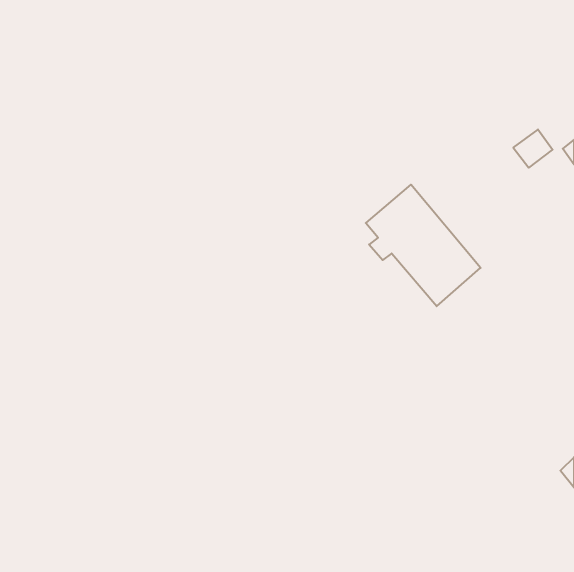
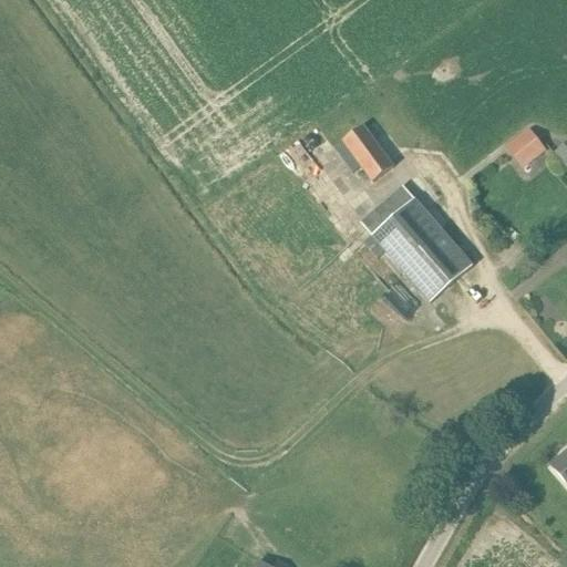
building: none -> [332,124,394,181]

